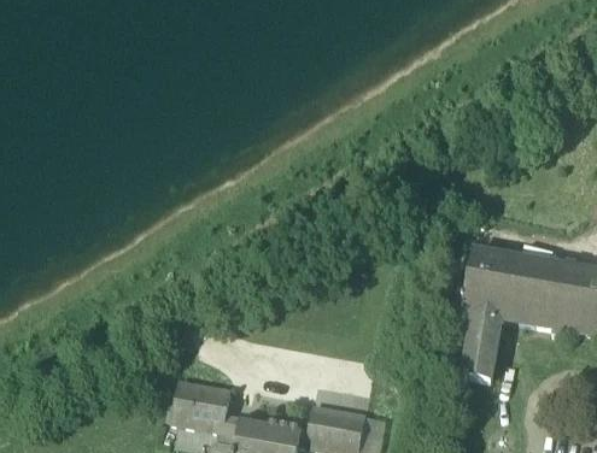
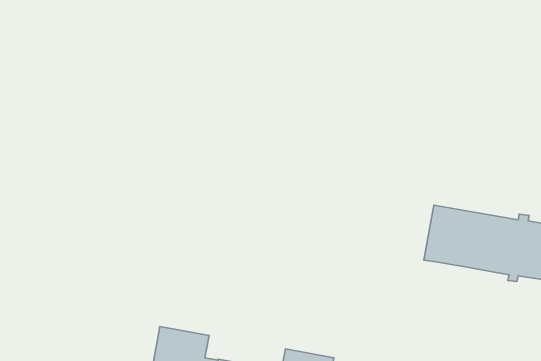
building: [461,311,499,378] -> none

